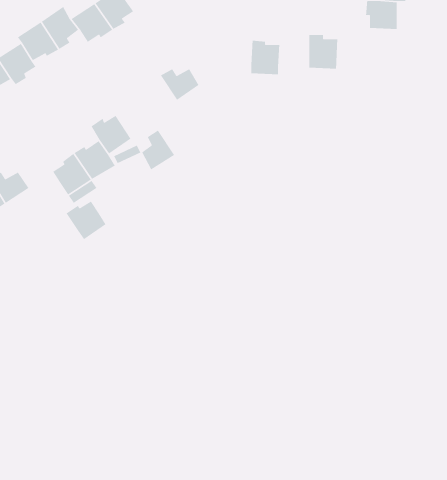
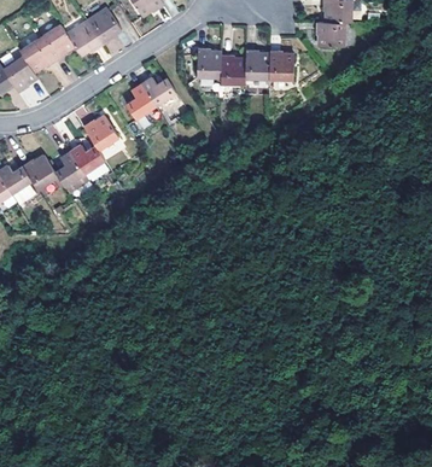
building: none -> [195,48,220,76]
building: none -> [243,48,268,78]
building: [141,130,175,171] -> [127,84,156,119]
building: [66,201,107,240] -> [21,156,56,189]

